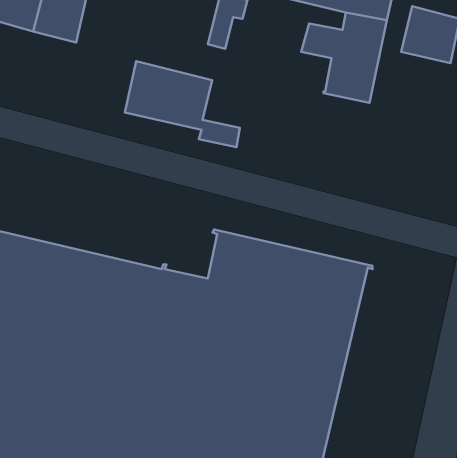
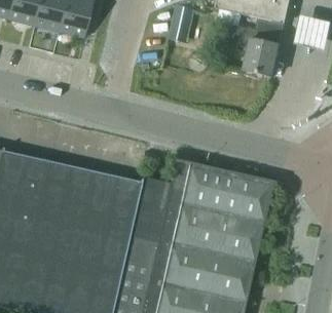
building: [125,61,240,147] -> none

